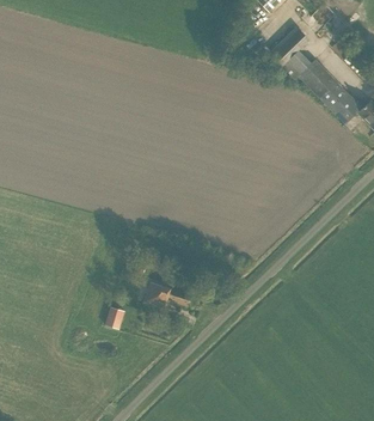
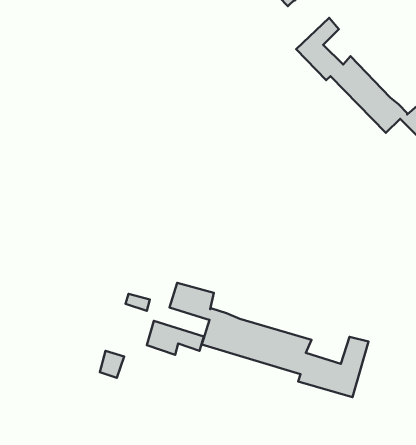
building: none -> [170,283,368,397]

